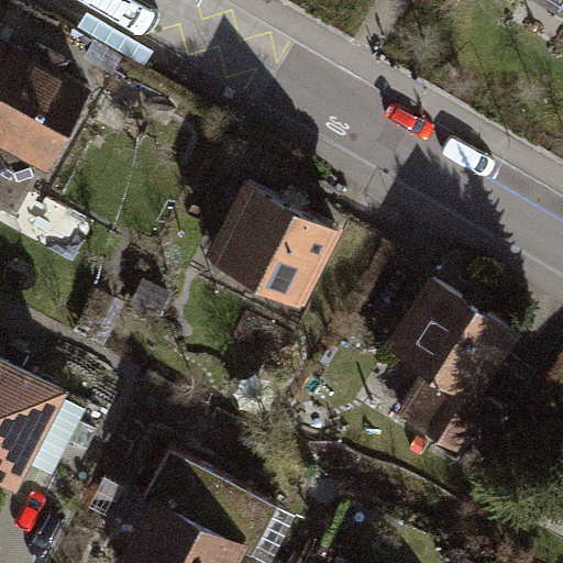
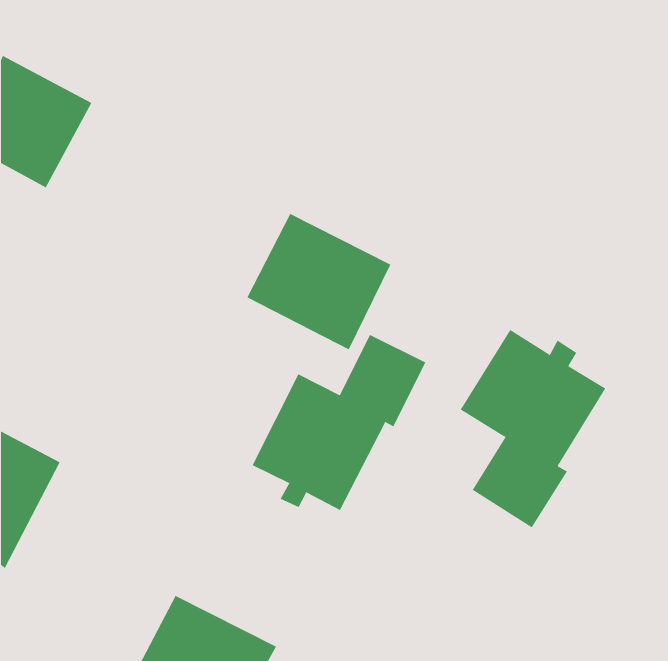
building: none -> [252,334,426,511]
building: [142,455,271,555] -> none

